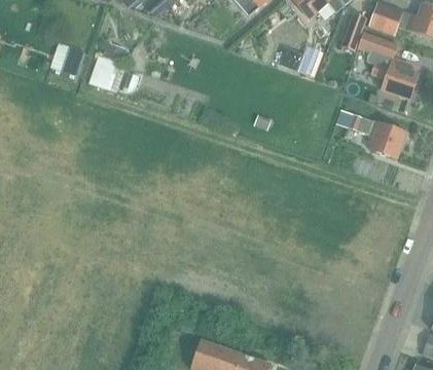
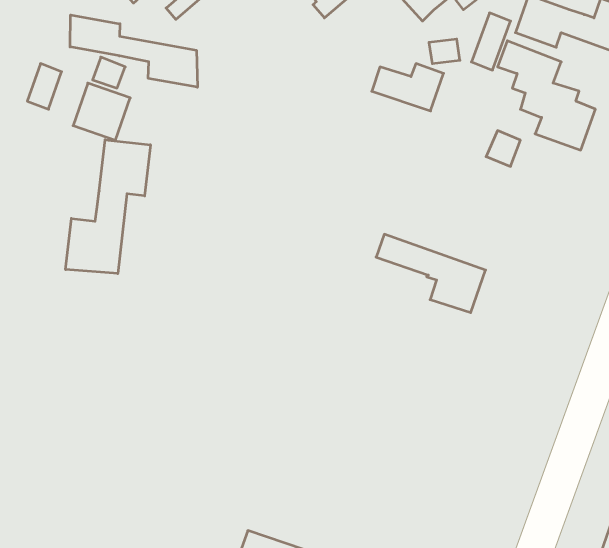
building: none -> [70,15,197,87]
building: none -> [66,140,150,274]
building: [335,108,404,157] -> [376,234,486,313]

